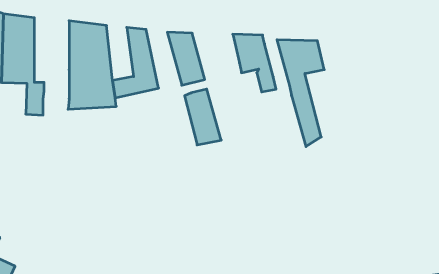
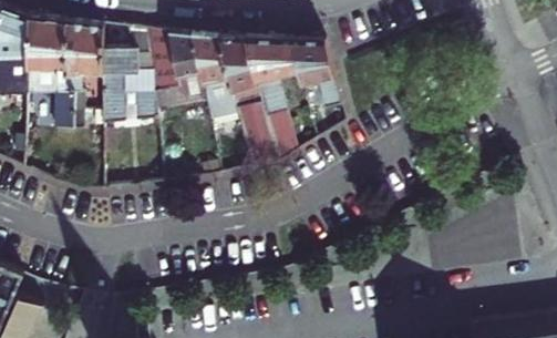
building: none -> [66,23,106,99]
building: none -> [149,32,180,95]
building: none -> [195,37,237,110]
building: [277,40,324,147] -> [248,41,302,164]

